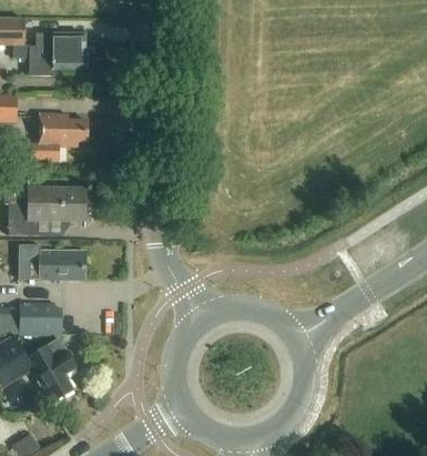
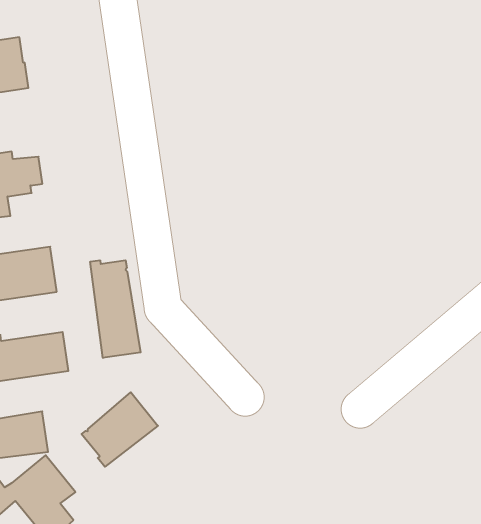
building: none -> [90,260,141,358]
building: none -> [82,392,158,467]

